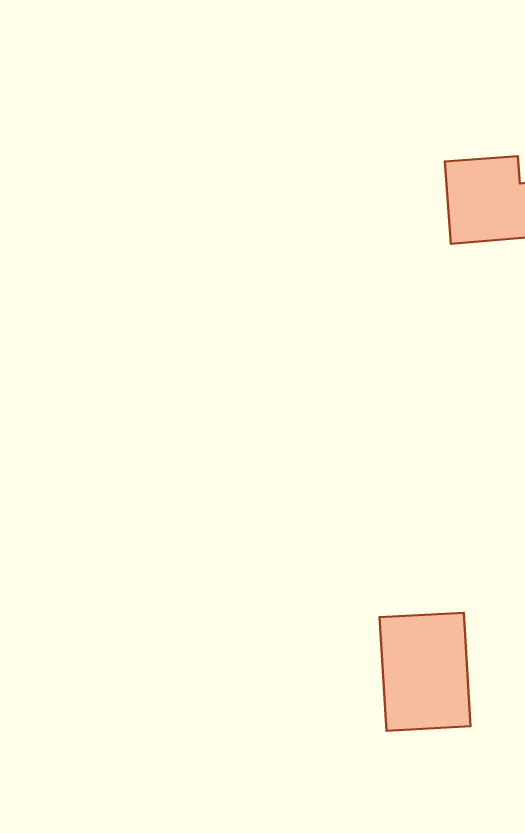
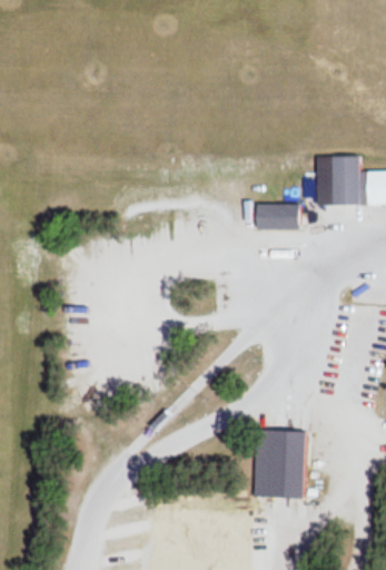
building: none -> [258,203,300,228]

